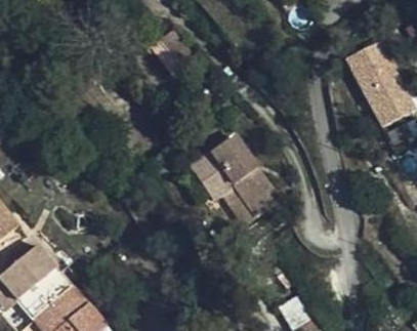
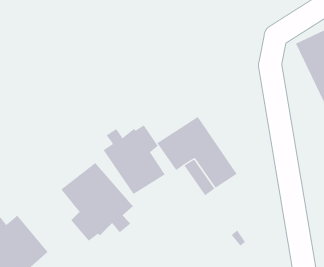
building: none -> [103,125,165,195]
building: none -> [61,162,134,242]

